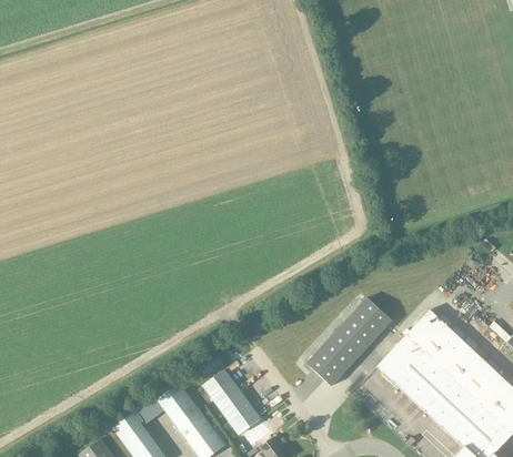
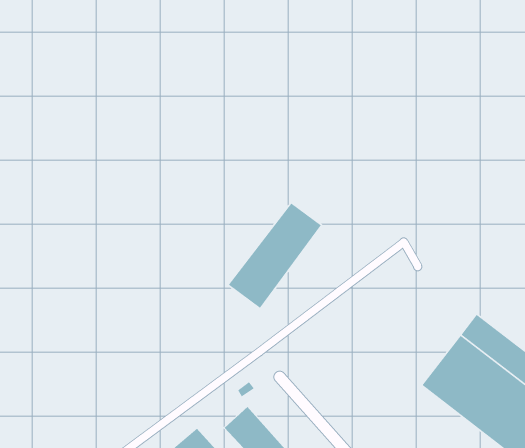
building: [306,297,392,386] -> [228,202,322,309]

